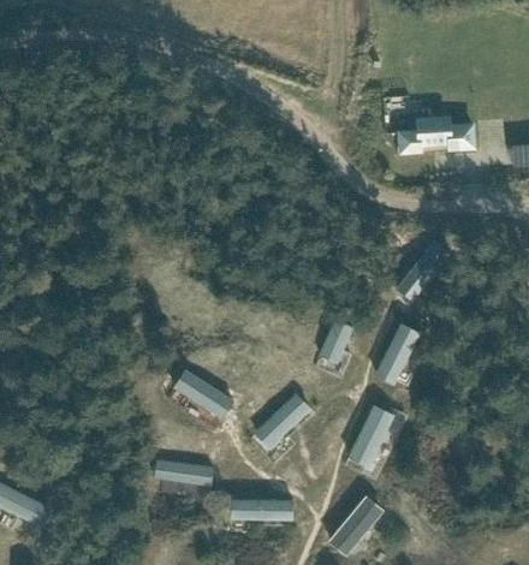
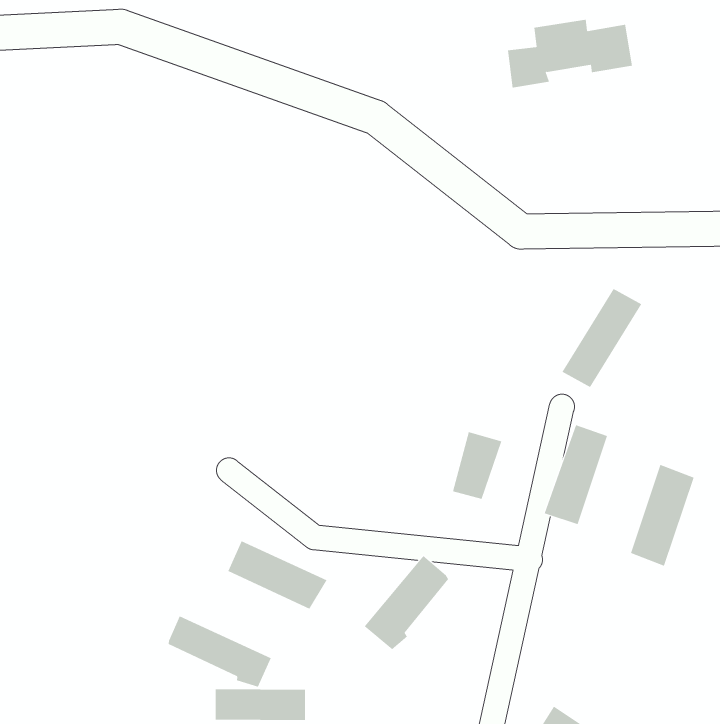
building: [398,117,475,154] -> [507,19,633,88]
building: [349,404,394,468] -> [630,464,694,566]
building: none -> [168,615,271,687]

